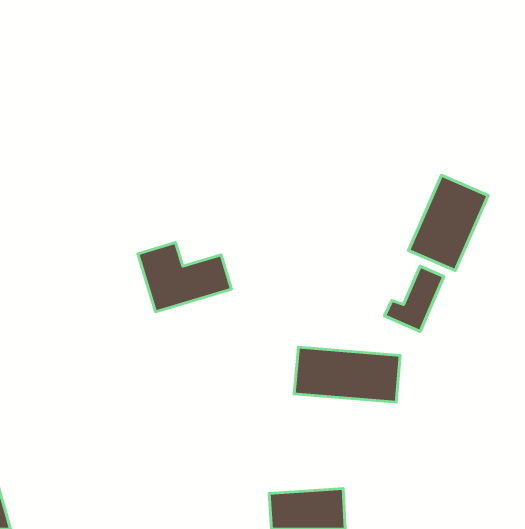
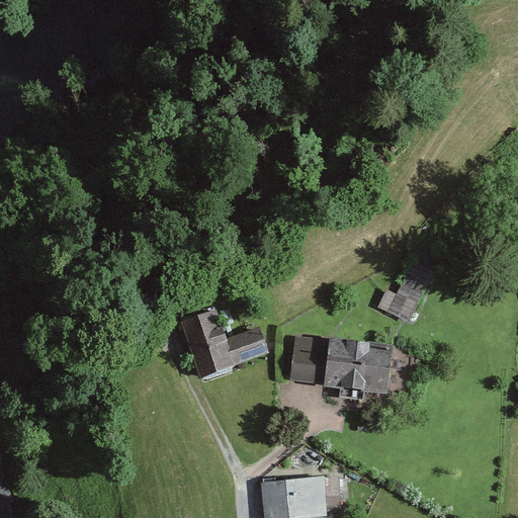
building: [408,175,488,271] -> none
building: [138,242,232,312] -> [182,314,273,381]

